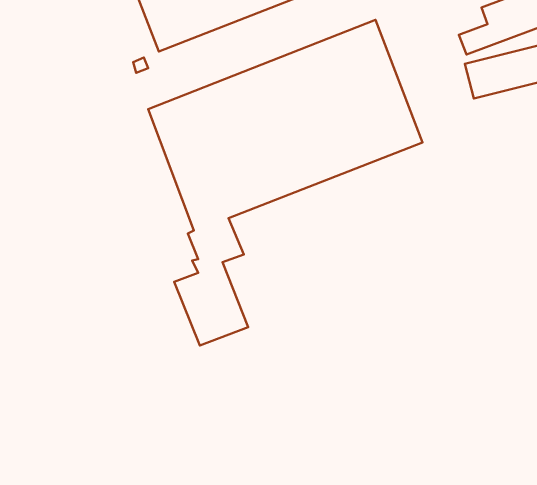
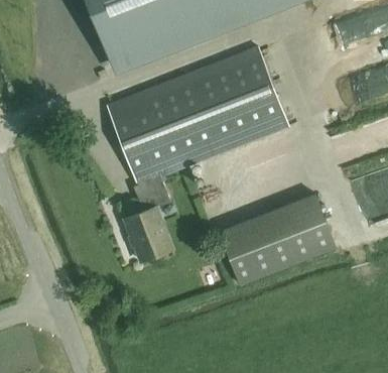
building: none -> [219,195,335,284]

